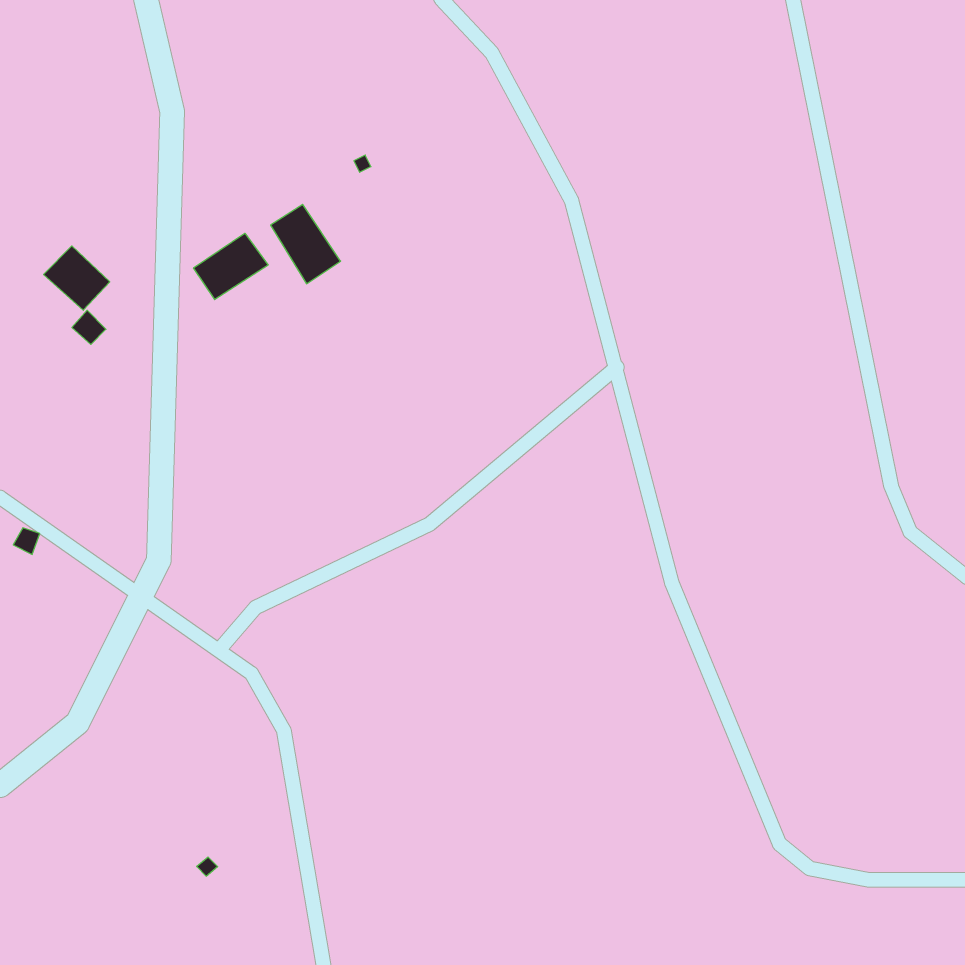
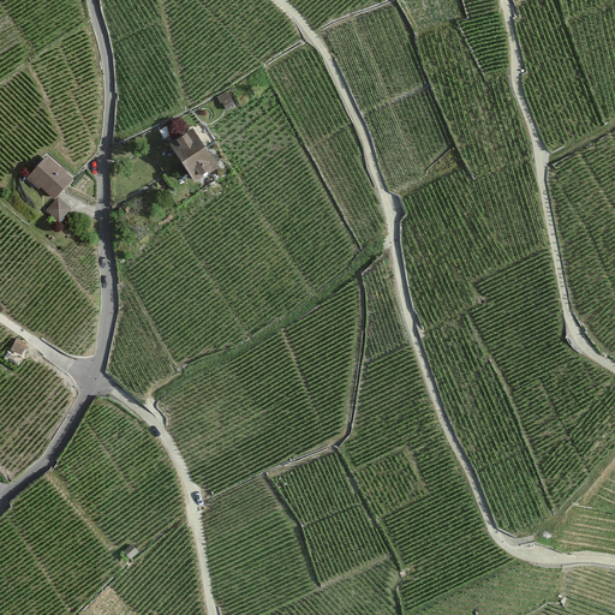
building: [194,233,268,300] -> none

